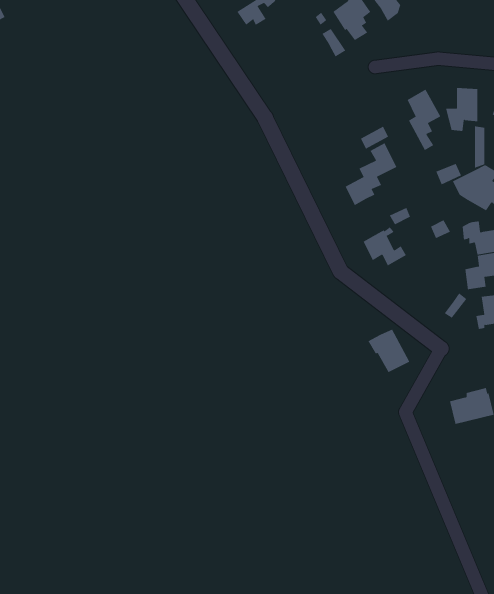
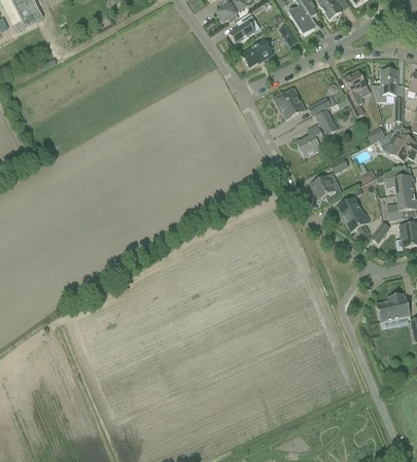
building: none -> [229,12,256,43]
building: none -> [242,38,273,66]
building: none -> [274,88,305,119]
building: [368,329,410,373] -> [336,198,368,230]

